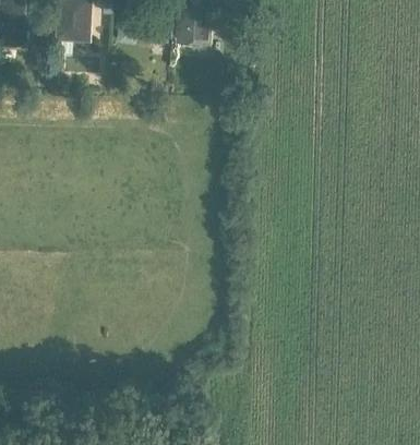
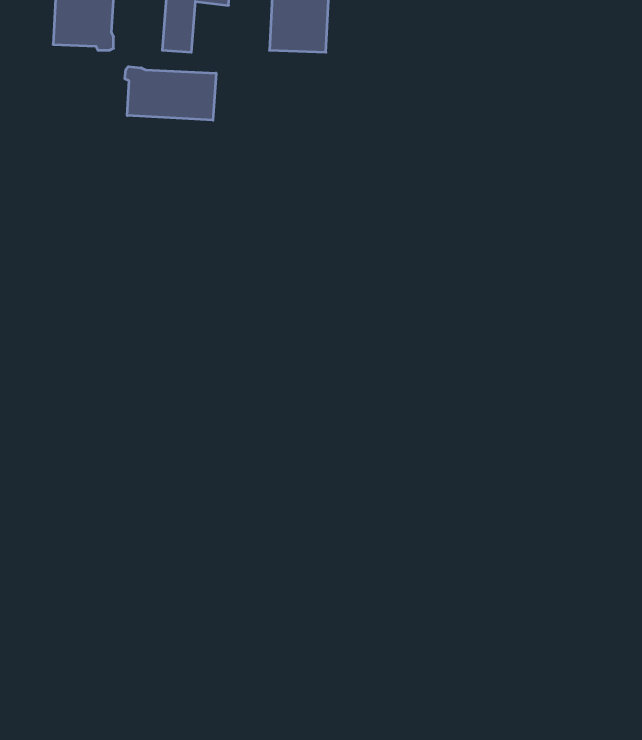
building: none -> [125,67,216,120]

